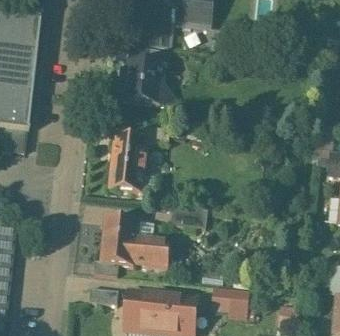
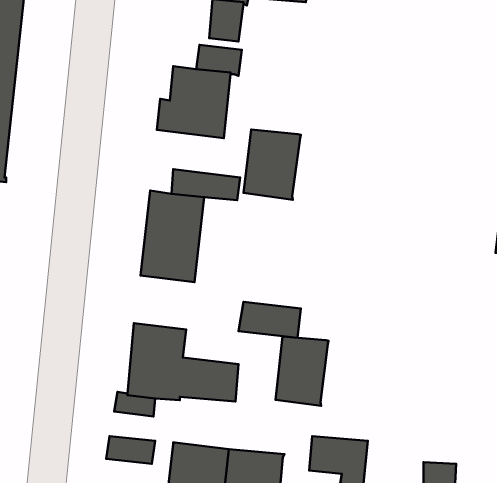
building: none -> [244,130,301,200]
building: none -> [276,337,328,406]

